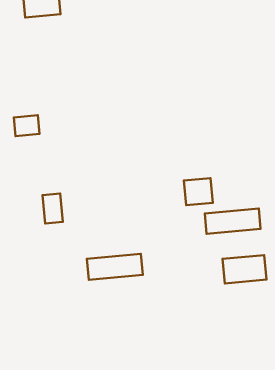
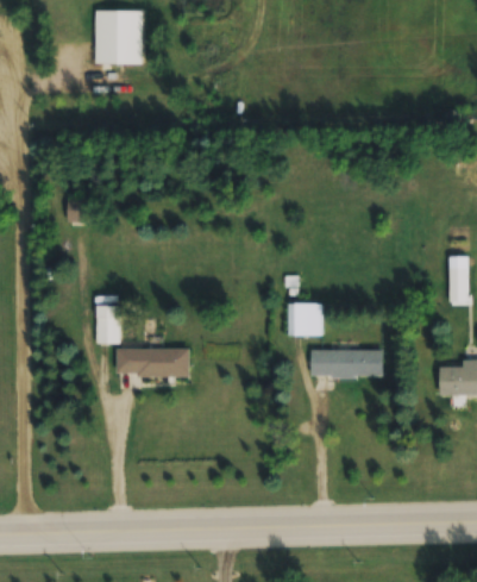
building: [87,254,143,280] -> [117,348,189,376]
building: [223,255,267,283] -> none

